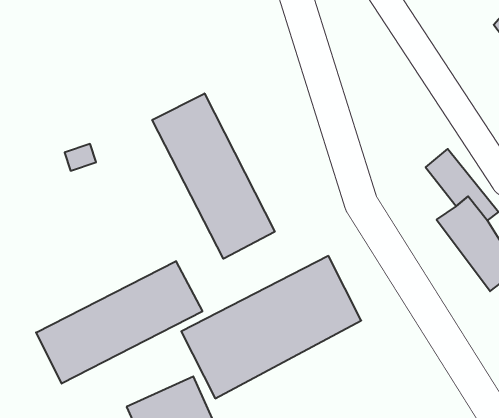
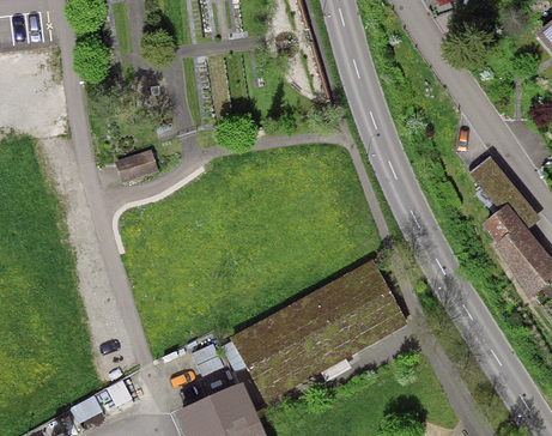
building: [152,93,275,259] -> none
building: [36,261,202,384] -> none

